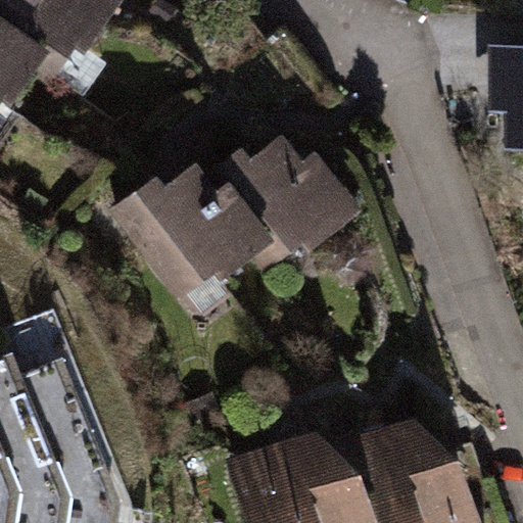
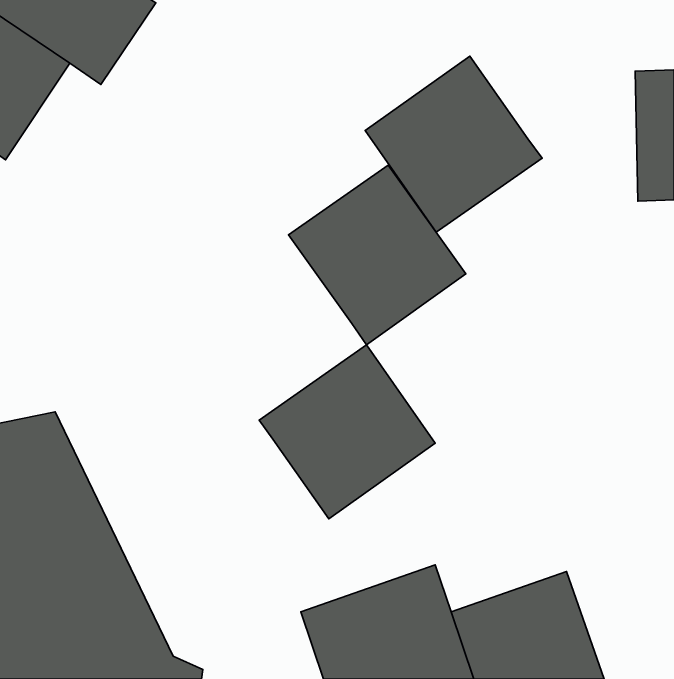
building: none -> [365,56,542,232]
building: [109,148,268,308] -> none
building: none -> [259,345,435,519]

